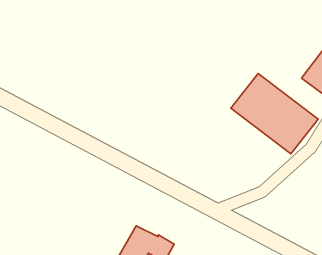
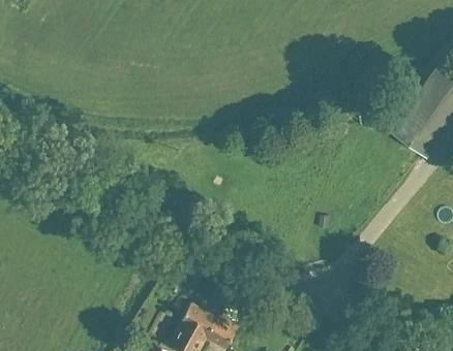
building: [231,74,318,154] -> none

